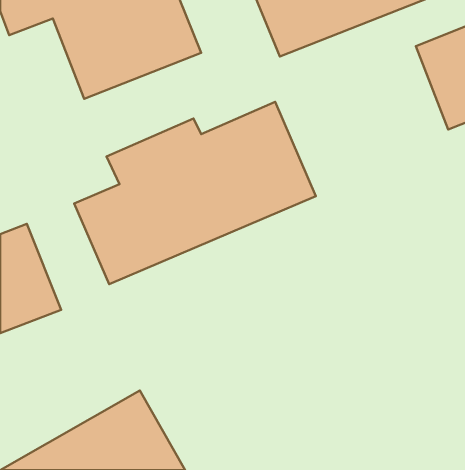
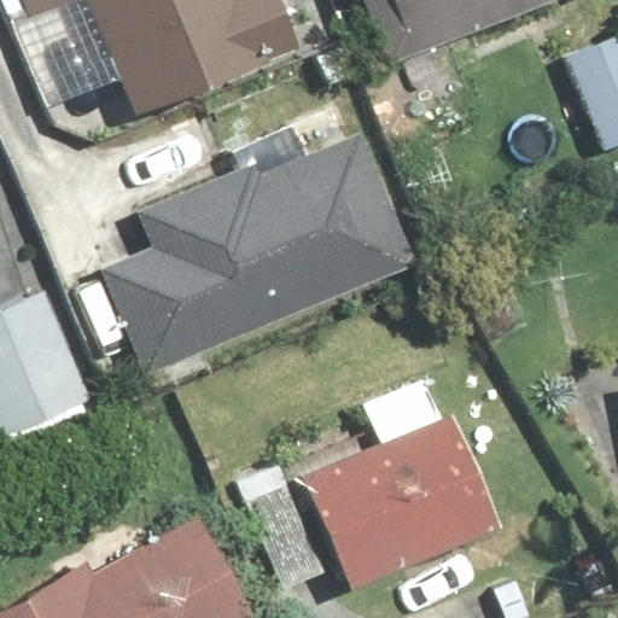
building: none -> [288,373,491,595]

